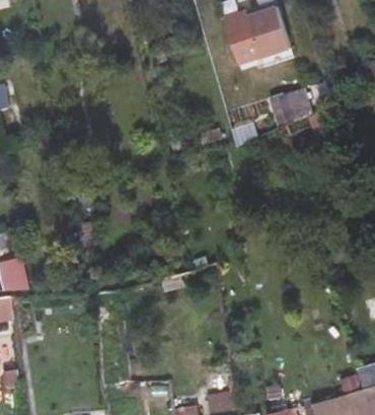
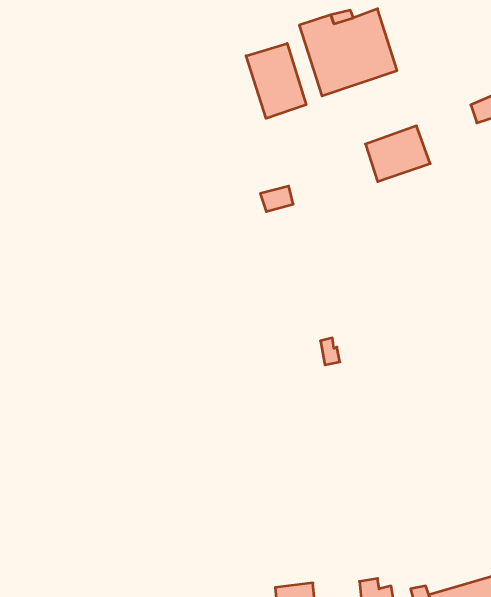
building: none -> [246,43,306,118]

